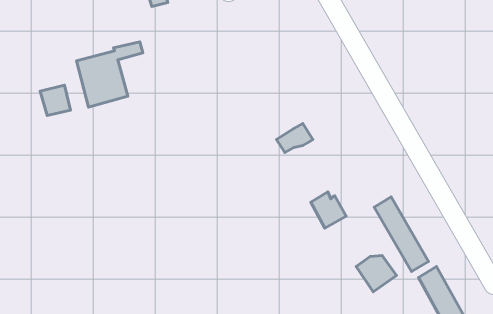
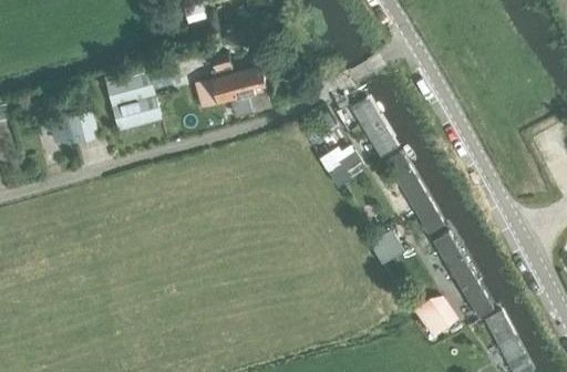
building: none -> [194,52,270,111]
building: none -> [351,95,402,159]
building: none -> [385,154,447,234]

